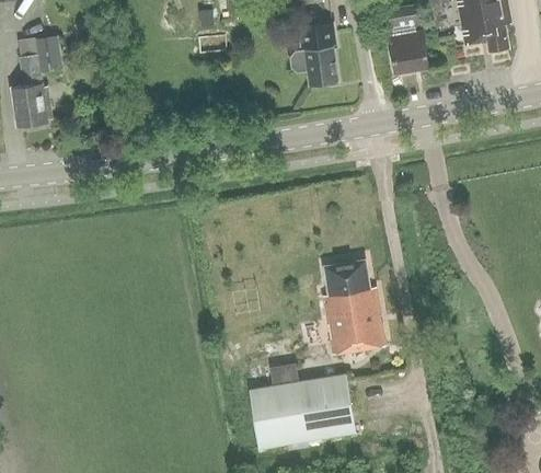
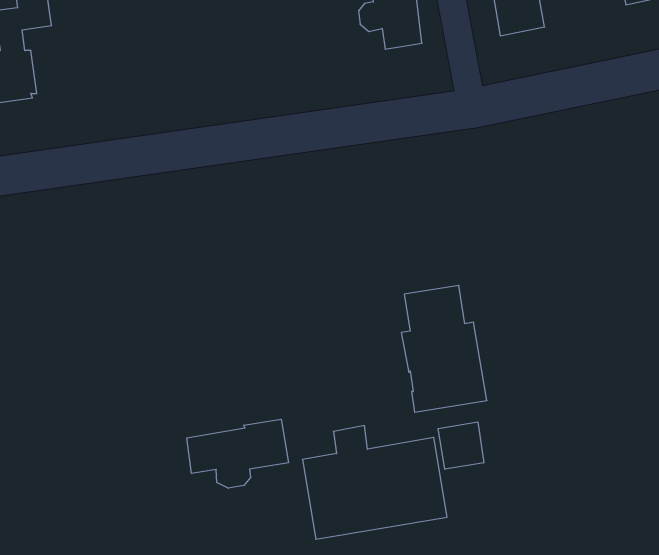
building: none -> [187,419,288,488]
building: none -> [438,422,484,469]

